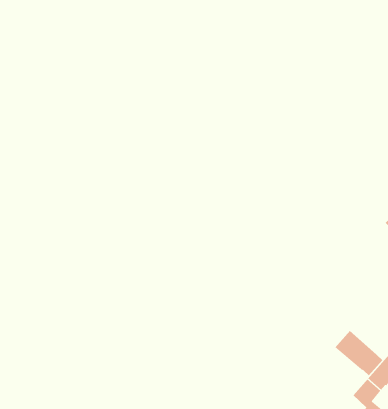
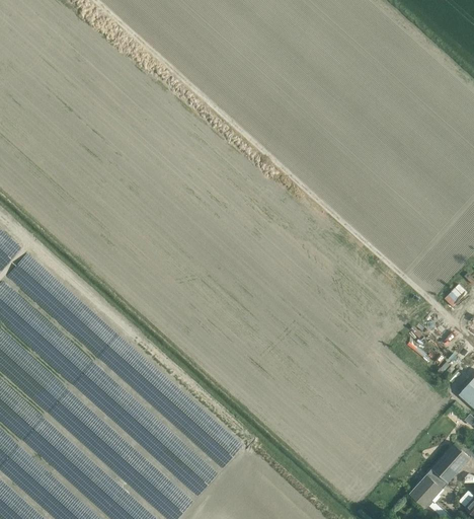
building: [335,330,383,376] -> none

